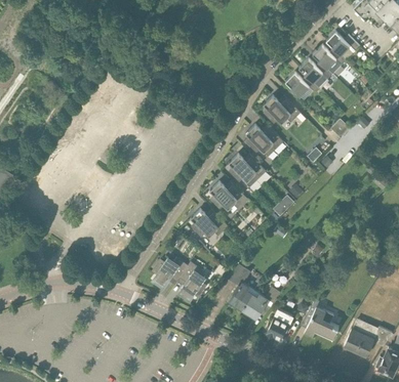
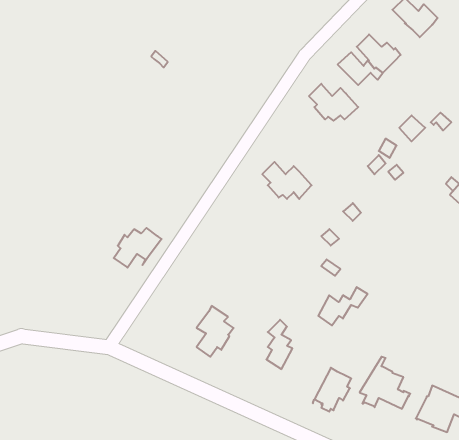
building: [312,44,346,74] -> none
building: [245,124,282,157] -> none
building: [209,181,246,209] -> none
building: [190,209,228,237] -> none
building: [152,257,188,287] -> [114,228,162,268]
building: [242,287,279,315] -> [318,287,368,325]

